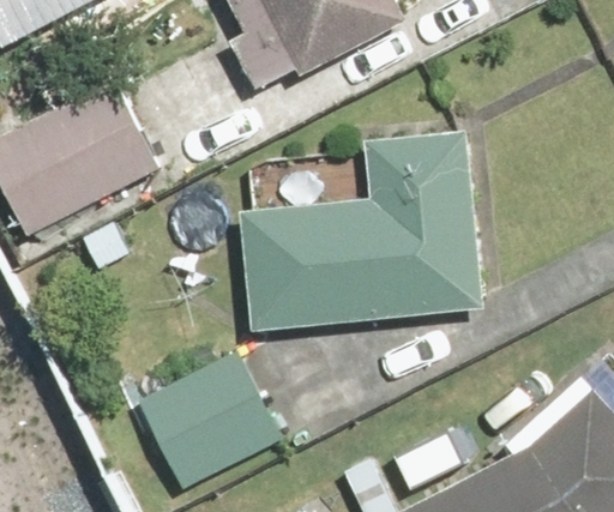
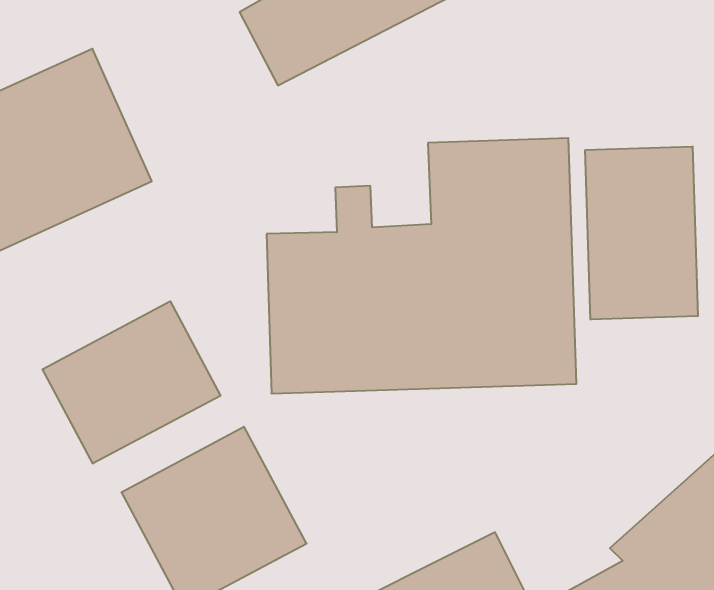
building: none -> [585,146,698,320]
building: none -> [43,301,221,464]

